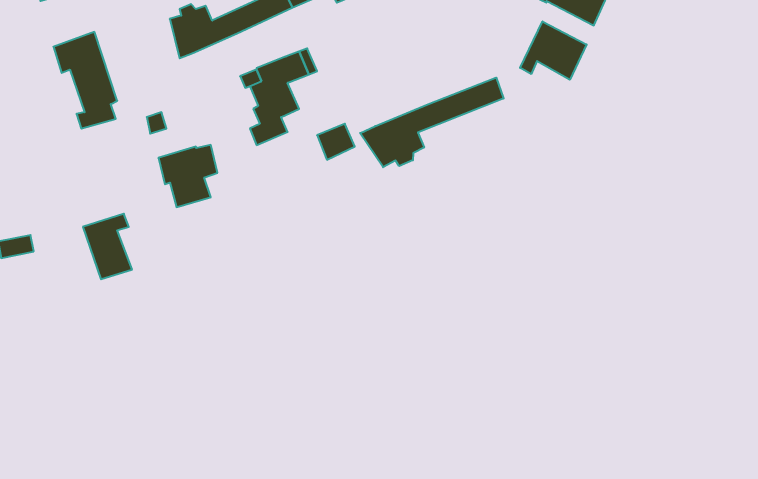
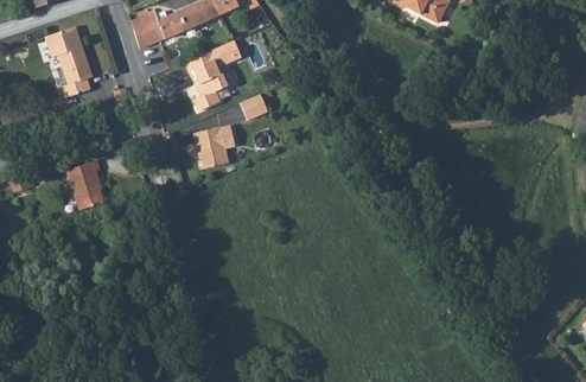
building: [520,21,587,80] -> none
building: [360,78,504,167] -> none
building: [158,145,217,207] -> [190,123,233,168]

